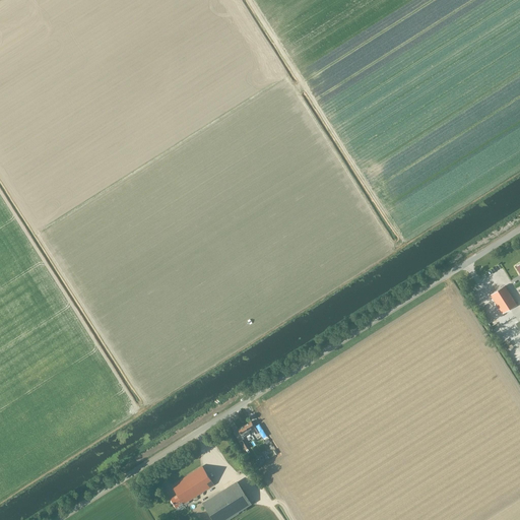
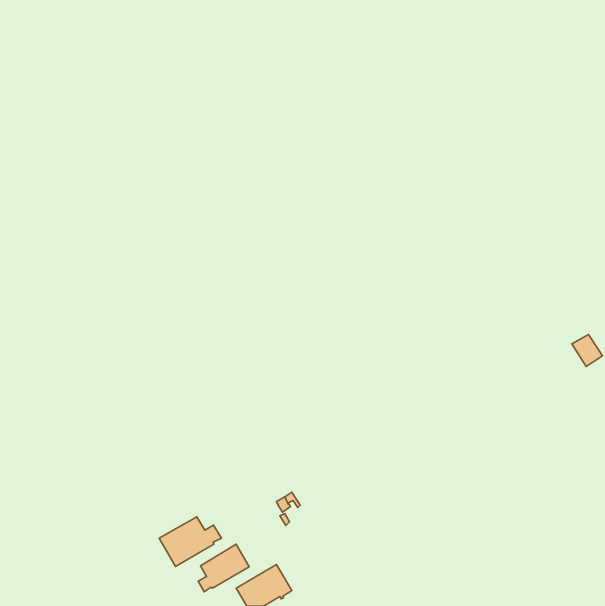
building: none -> [159,517,221,566]

